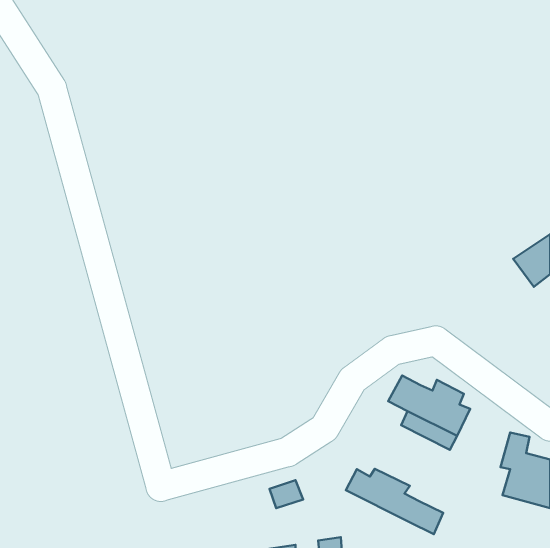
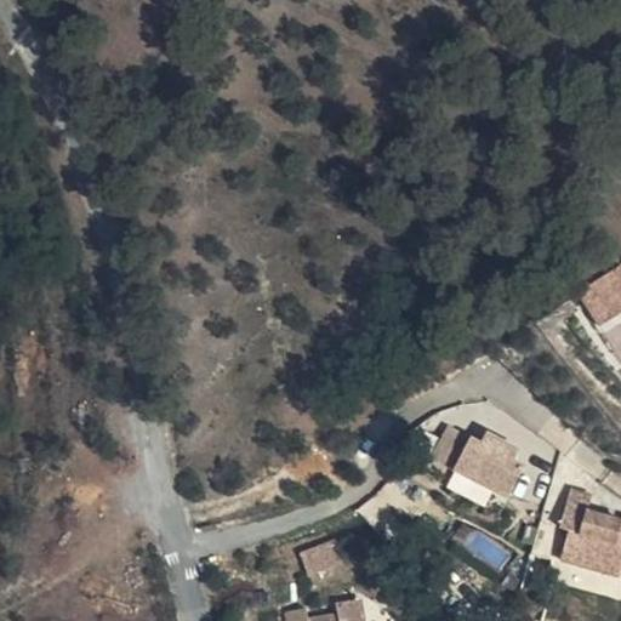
building: [346,469,443,534] -> none

